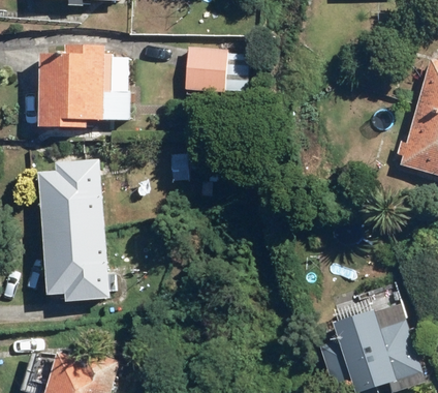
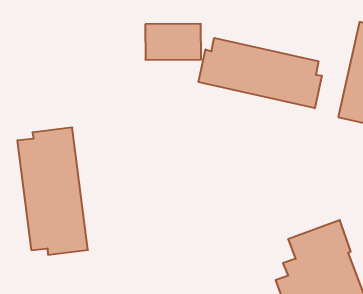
building: [37,46,131,128] -> none
building: none -> [199,38,322,108]

